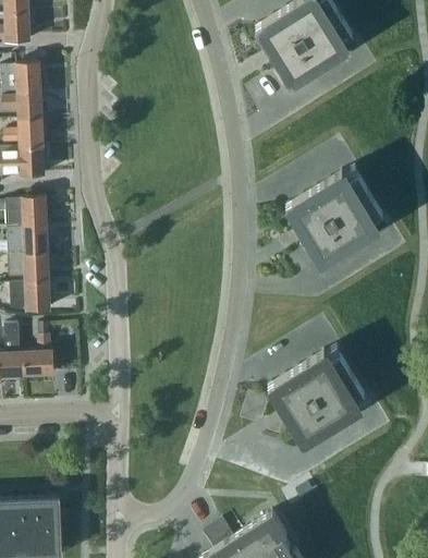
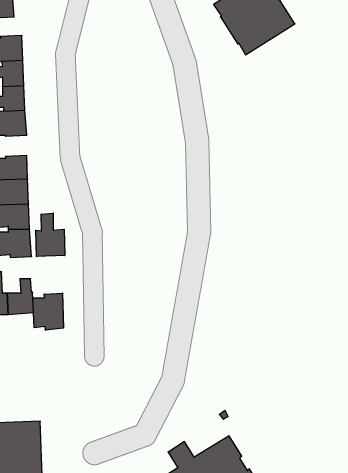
building: [285,172,377,264] -> none
building: none -> [36,213,65,257]
building: [268,351,359,444] -> none
building: none -> [33,293,64,330]

